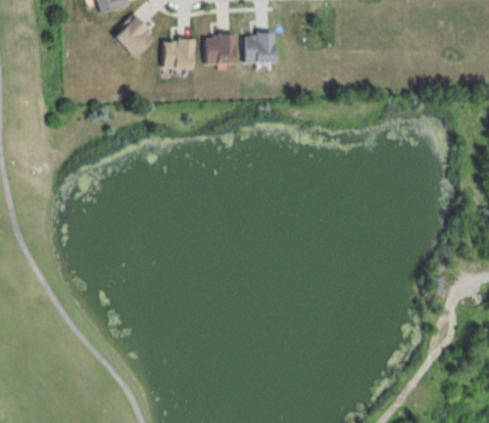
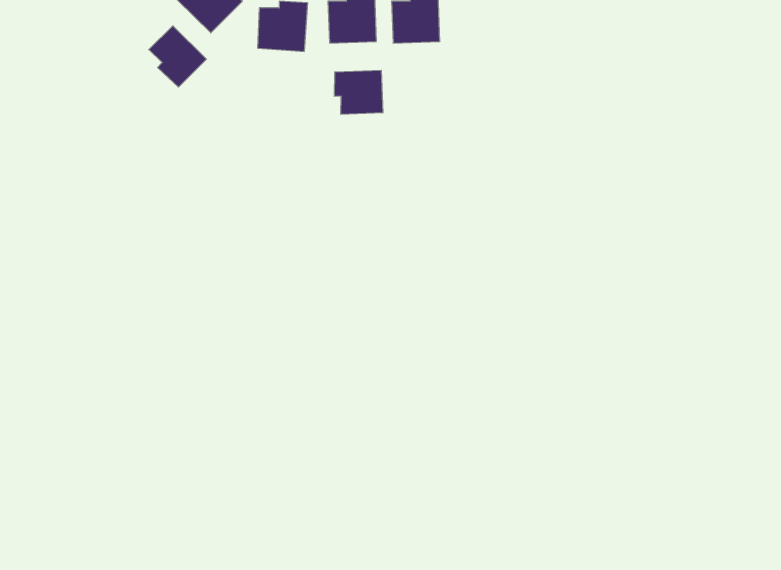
building: none -> [149,26,206,87]
building: none -> [335,70,383,114]

